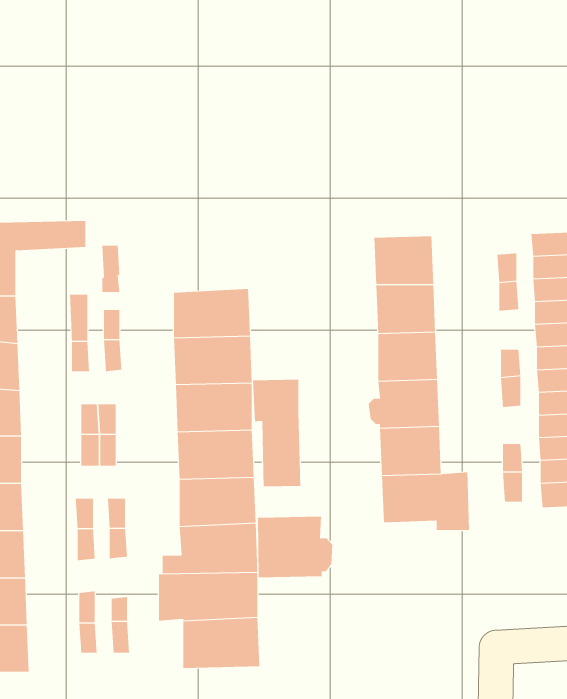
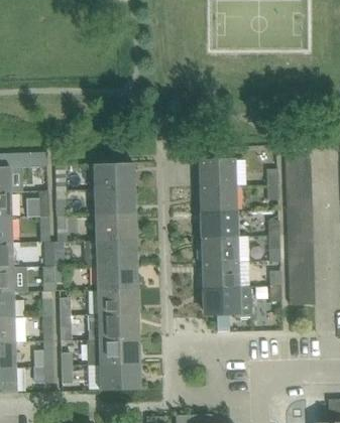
building: none -> [93,163,134,190]
building: [252,379,301,487] -> none
building: [258,516,333,578] -> none

